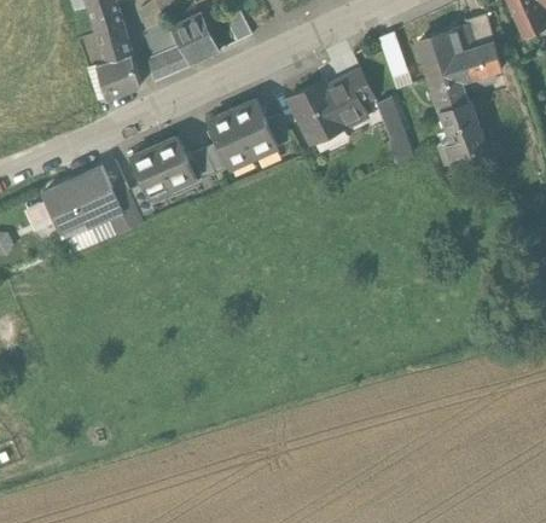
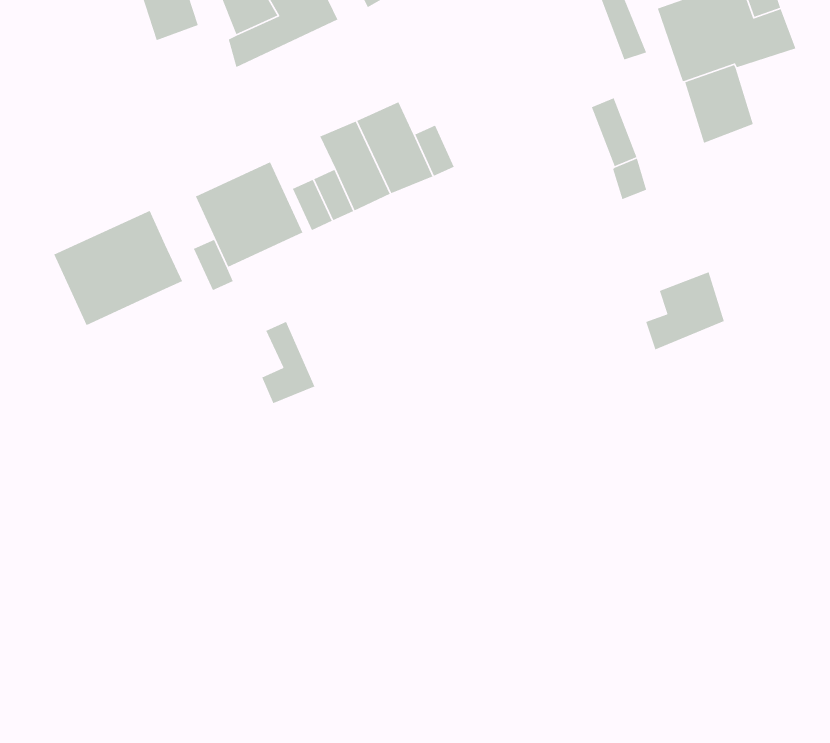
building: [95,52,139,99] -> none
building: [287,69,373,145] -> none
building: [436,114,486,163] -> [645,271,725,351]
building: [108,182,141,234] -> [261,321,316,404]

